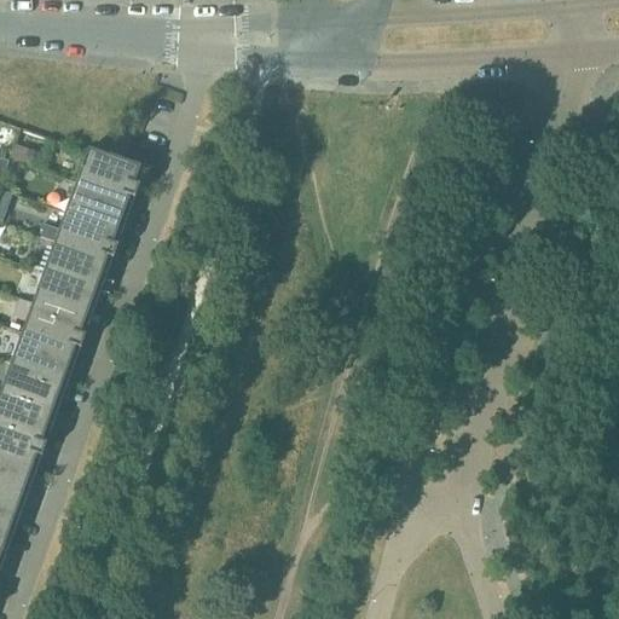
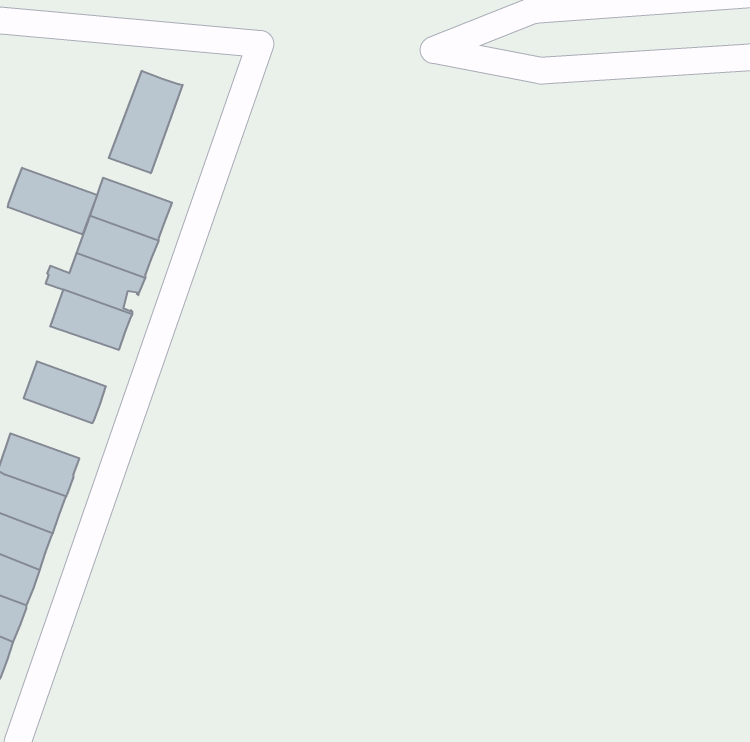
building: none -> [109,71,183,173]
building: none -> [8,168,97,234]
building: [30,268,98,318] -> none
building: [8,328,76,377] -> none

